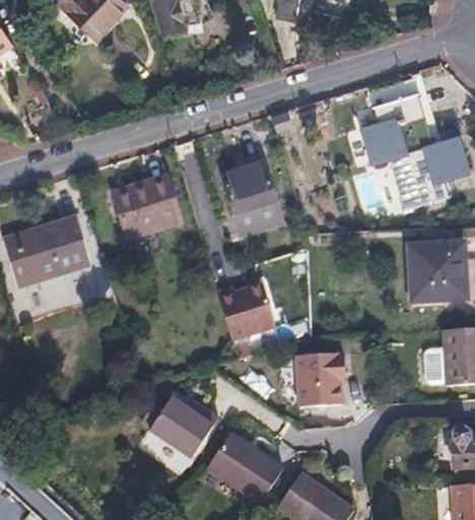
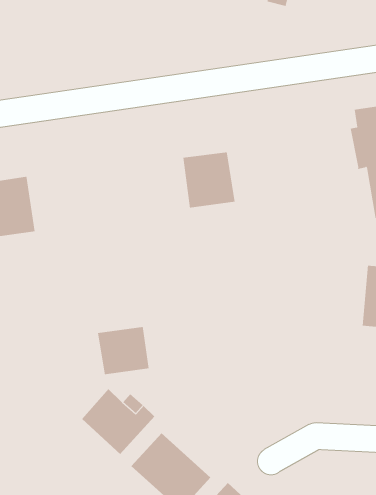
building: [109,175,178,236] -> none
building: [217,288,271,339] -> [97,326,150,375]
building: [297,353,347,406] -> none

